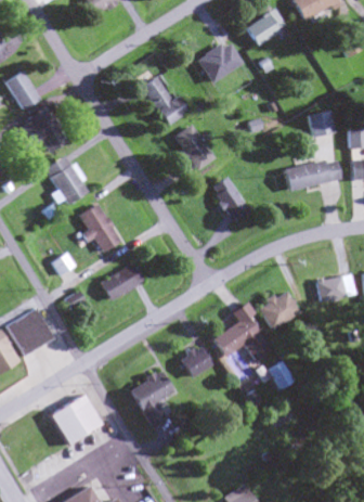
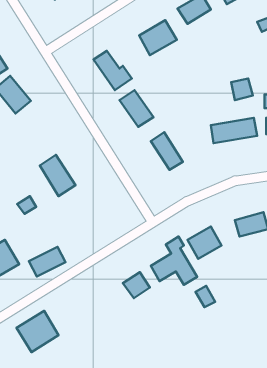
building: [44,156,88,205] -> none
building: [101,265,145,300] -> [29,247,66,277]
building: [130,372,173,427] -> none

